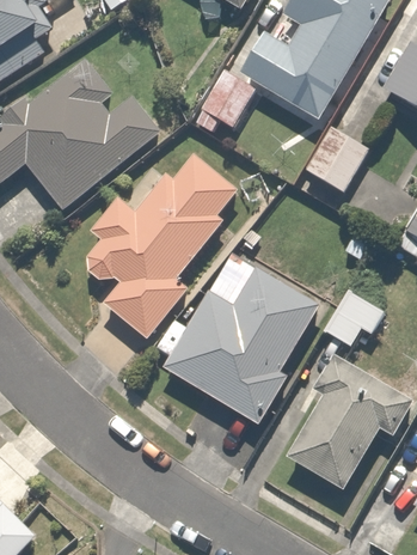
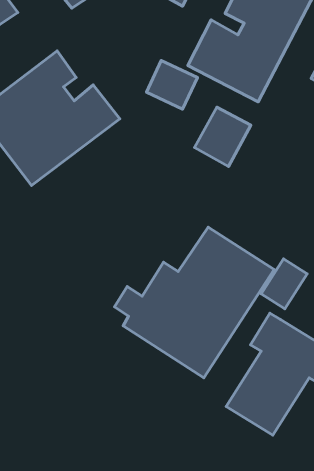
building: [306,126,369,193] -> [194,107,251,166]
building: [87,155,239,340] -> none

